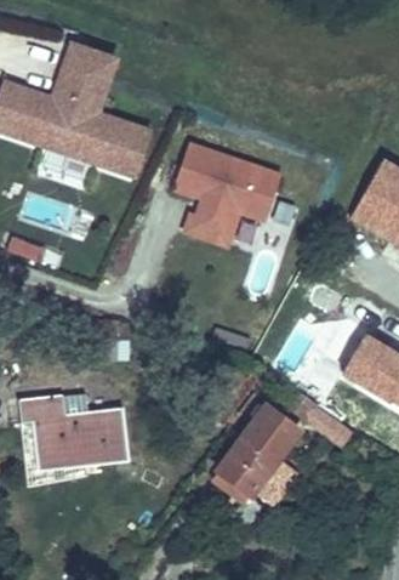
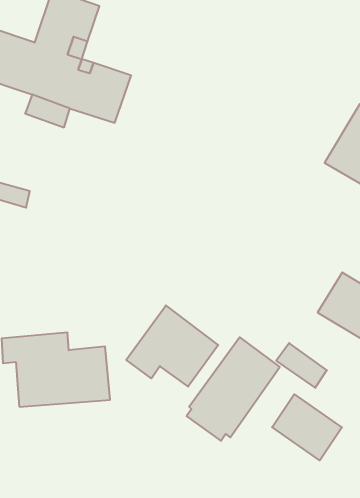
building: [171,141,280,249] -> none
building: none -> [126,305,218,387]
building: none -> [272,394,342,460]

